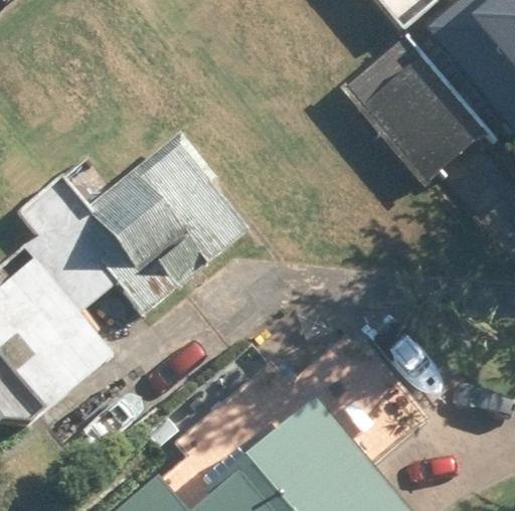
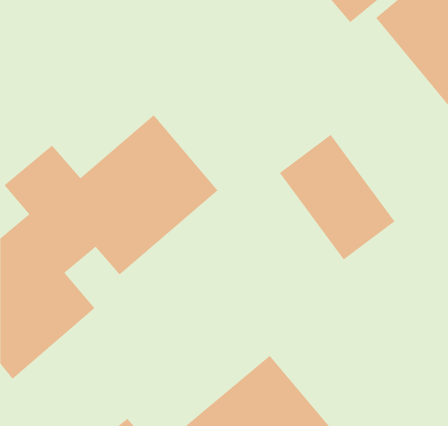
building: [346,42,479,186] -> [279,134,396,260]

